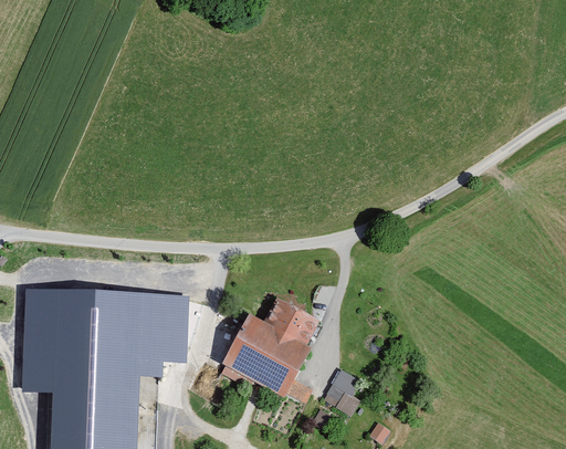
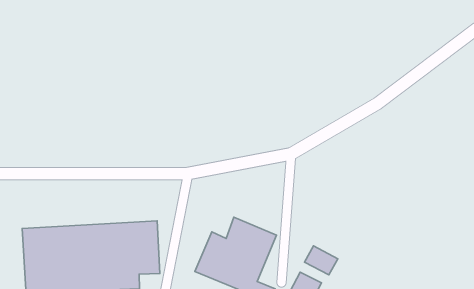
building: none -> [305,246,338,275]

